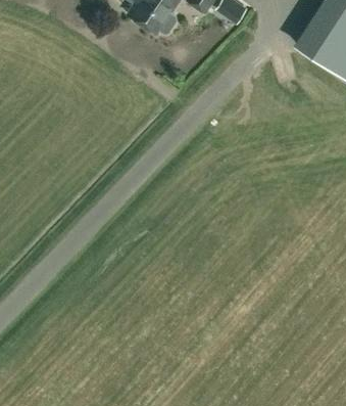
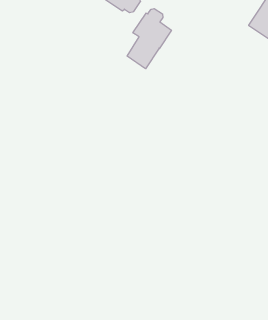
building: none -> [127,9,171,69]

